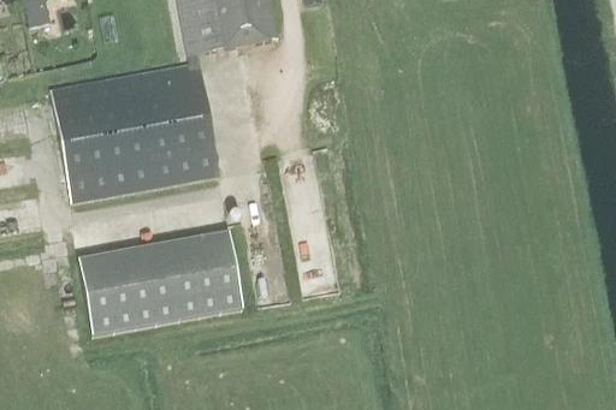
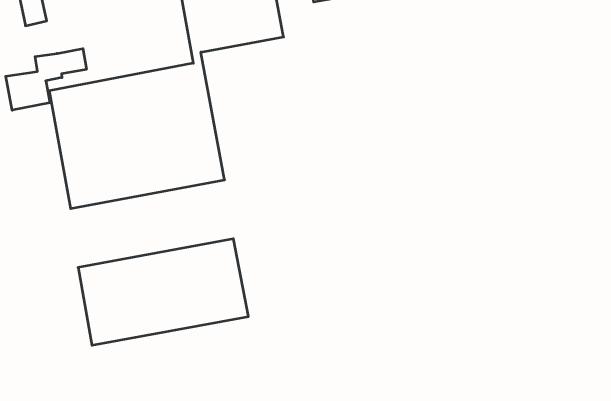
building: none -> [6,49,86,110]

